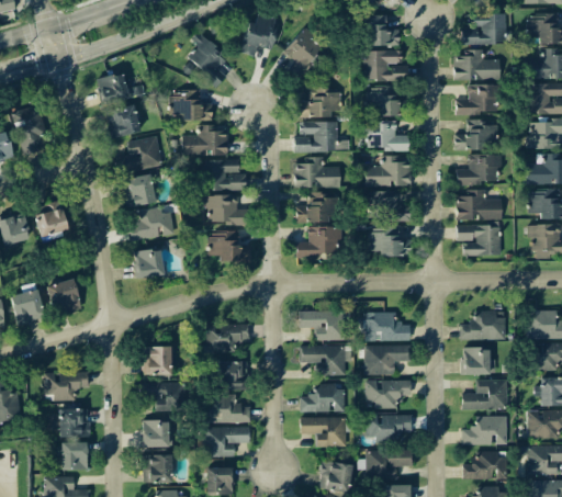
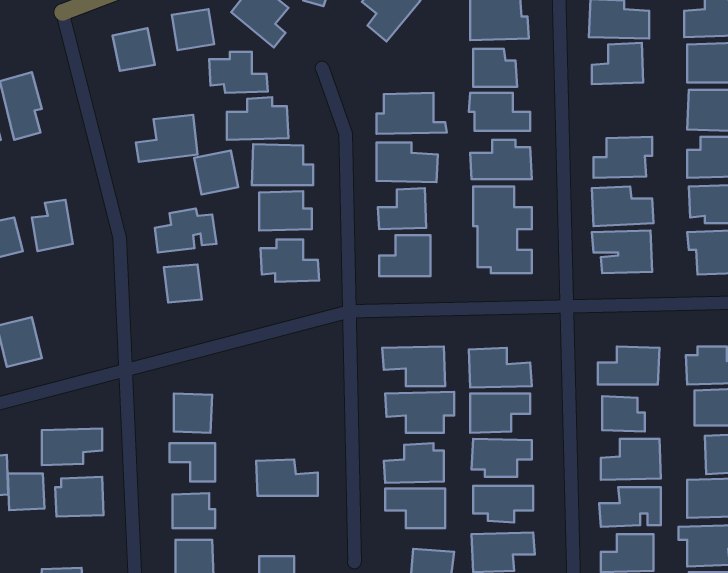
building: [299,87,339,117] -> none
building: [108,106,139,137] -> [172,9,214,50]
building: [456,120,498,150] -> none
building: [122,174,155,207] -> [194,150,238,194]
building: [46,278,82,315] -> none
building: [205,323,251,352] -> none
building: [218,361,244,389] -> none
building: [204,427,250,456] -> none
building: [61,442,89,470] -> [8,473,44,510]

